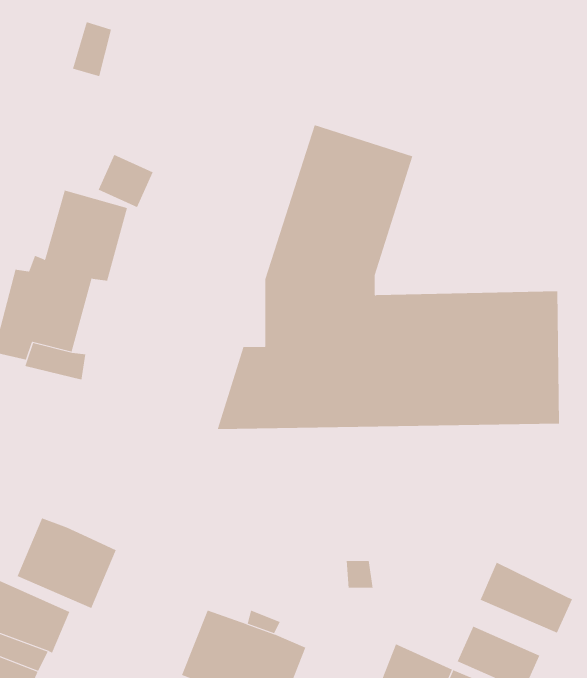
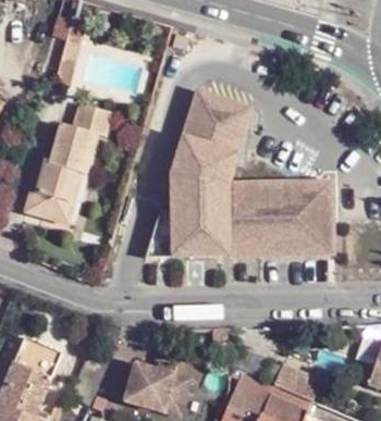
building: [17,518,116,609] -> none
building: [480,562,573,634] -> none

